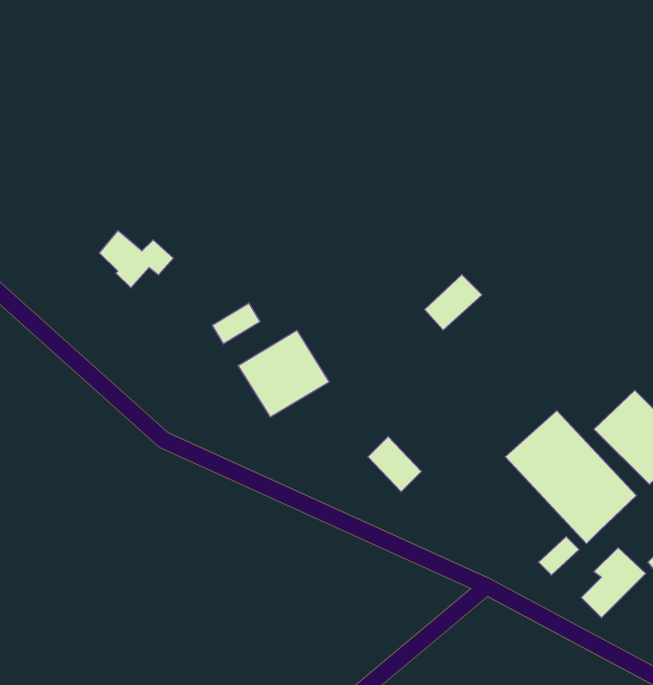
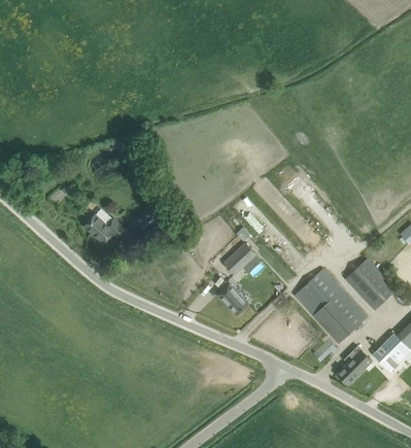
building: [99,231,173,288] -> [84,213,126,245]
building: [425,274,482,330] -> [225,243,256,274]
building: [238,330,329,417] -> none

